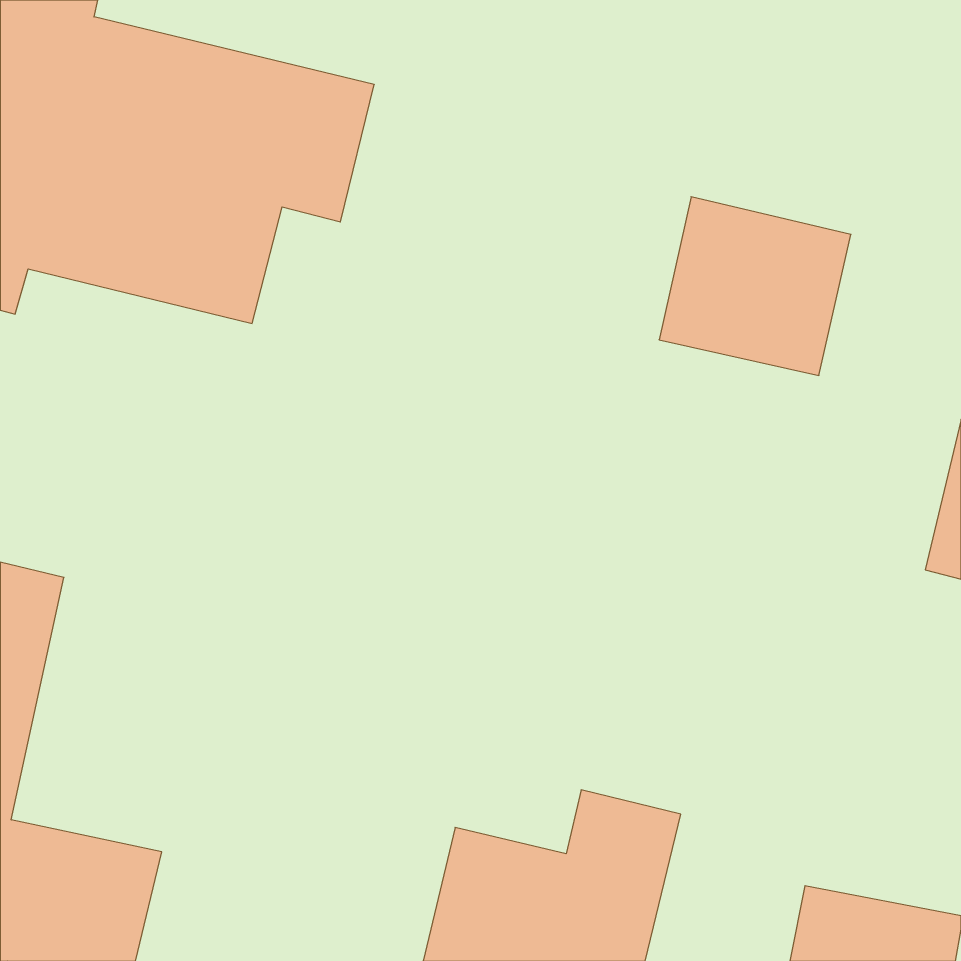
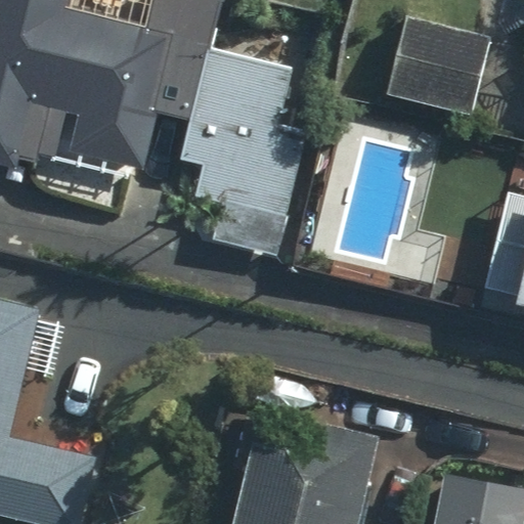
building: none -> [182,57,301,221]
building: [659,197,851,375] -> [390,6,494,103]

